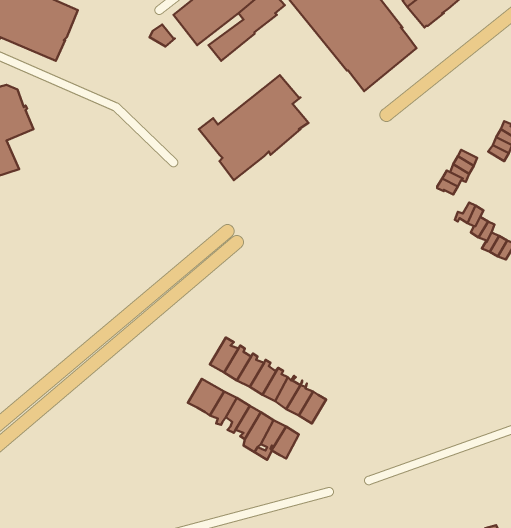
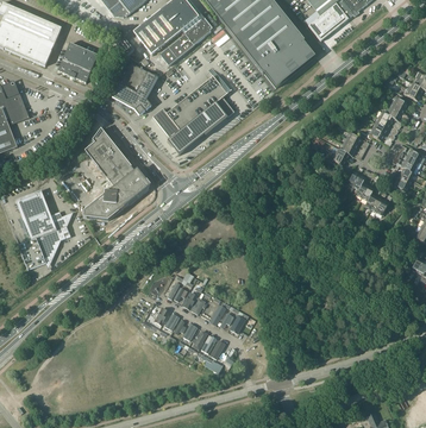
building: none -> [58,43,98,82]
building: none -> [112,62,158,115]
building: none -> [83,128,149,220]
building: none -> [15,189,70,270]

